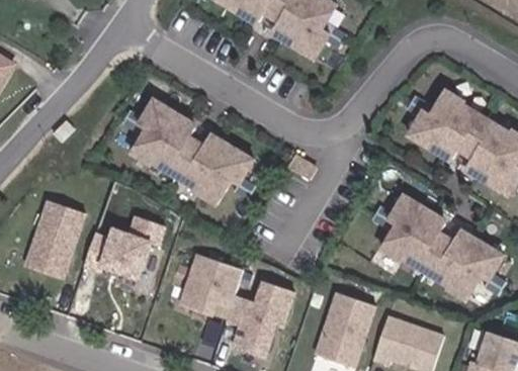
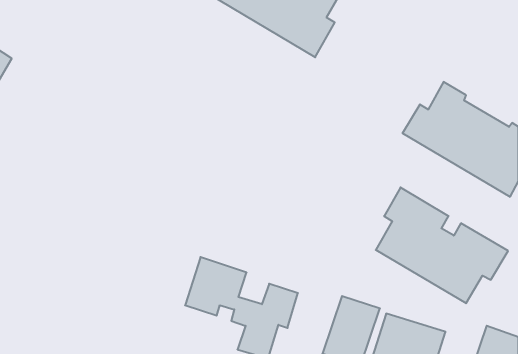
building: [111,89,241,202] -> none
building: [34,206,90,280] -> none
building: [90,220,171,282] -> none

